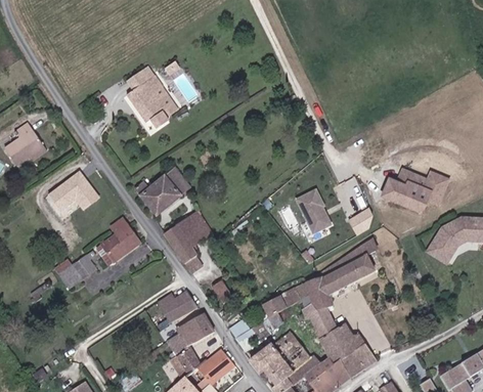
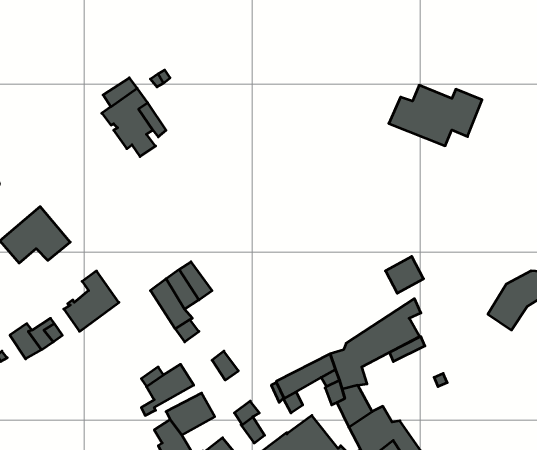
building: [378,166,450,213] -> [389,85,482,146]
building: [134,167,190,216] -> none
building: [295,187,332,233] -> none

